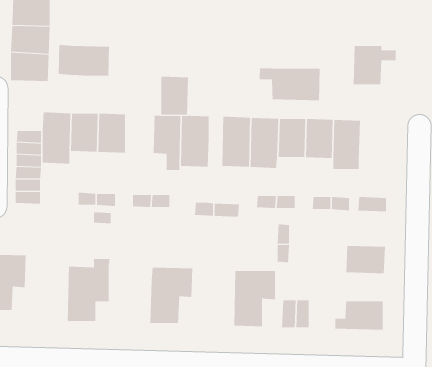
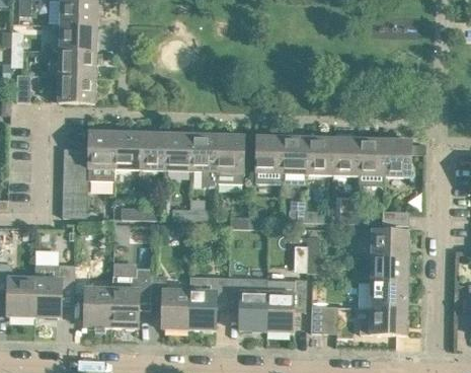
building: [58,44,109,77] -> none
building: [353,46,396,85] -> [383,139,423,175]
building: [259,67,320,101] -> none
building: [161,76,189,115] -> [165,133,191,169]
building: none -> [371,229,407,256]
building: none -> [72,265,111,326]
building: none -> [150,275,188,328]
building: none -> [227,277,266,330]
building: none -> [357,281,406,307]

